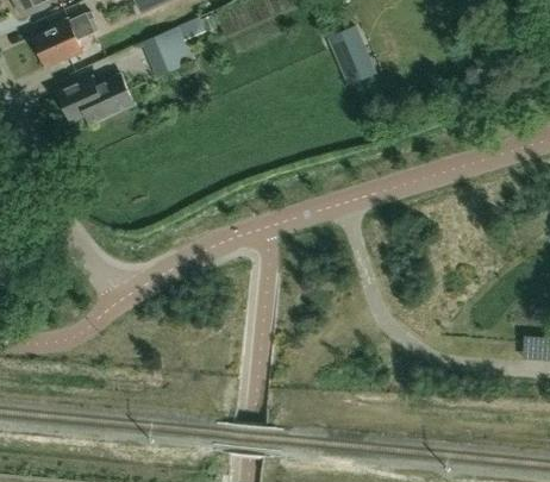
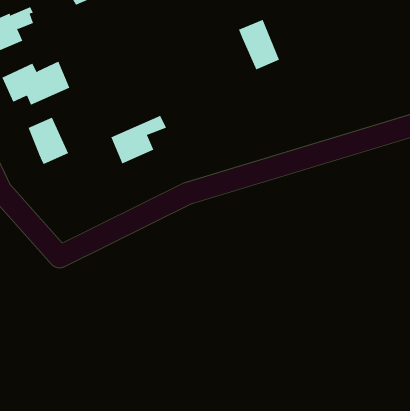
building: [142,15,206,71] -> [110,115,167,164]
building: none -> [28,117,69,165]

